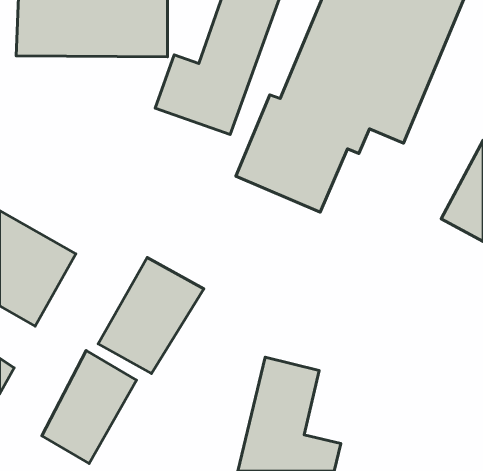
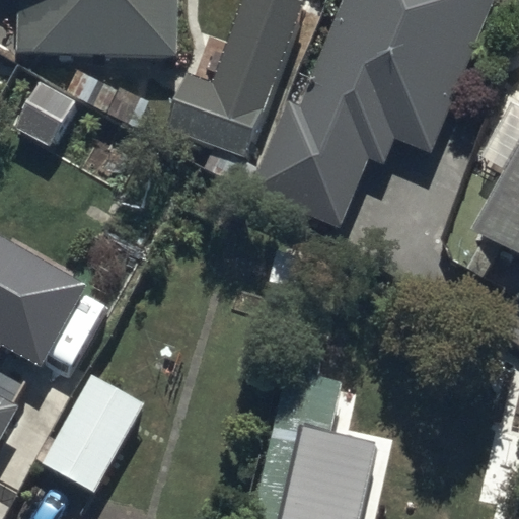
building: [98,258,204,374] -> none

